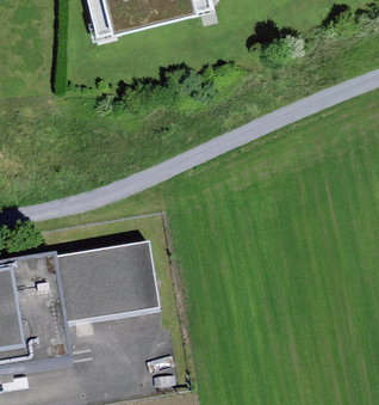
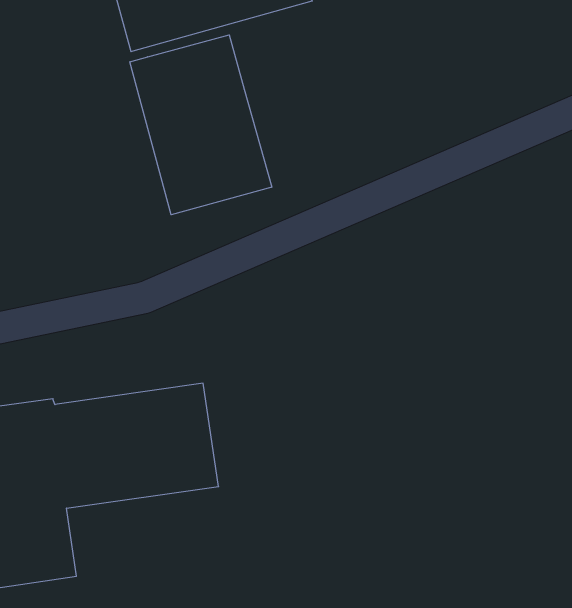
building: none -> [130,35,272,215]

